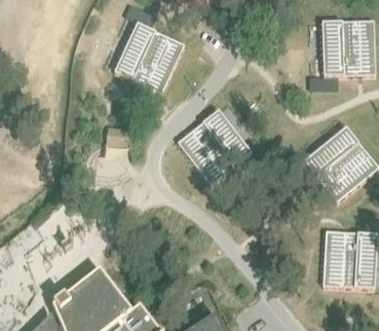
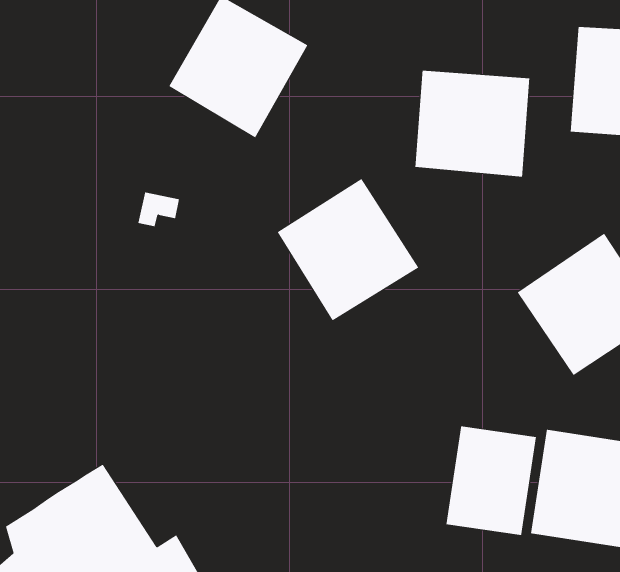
building: none -> [415,70,530,177]
building: none -> [446,426,536,536]

